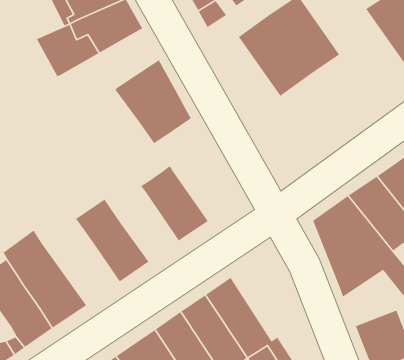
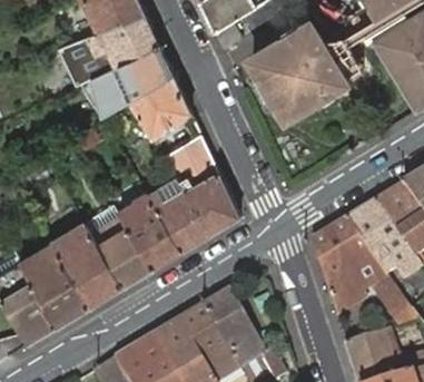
building: none -> [79,45,174,119]
building: none -> [164,134,239,233]
building: none -> [119,193,181,268]
building: none -> [51,224,122,306]

